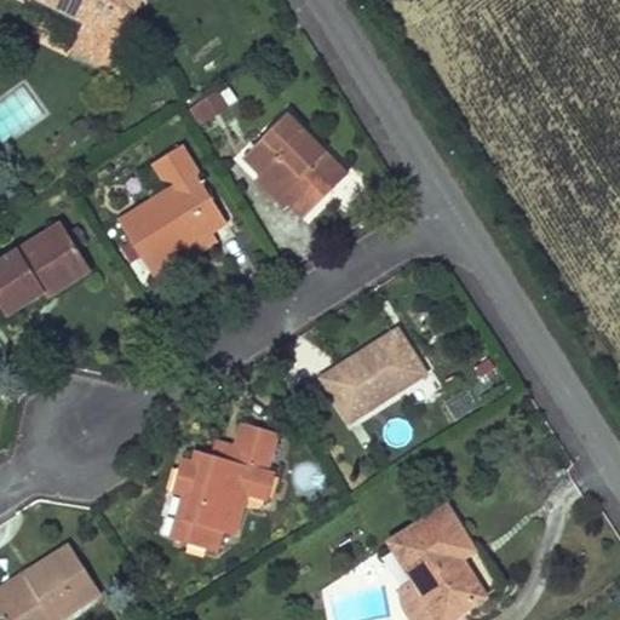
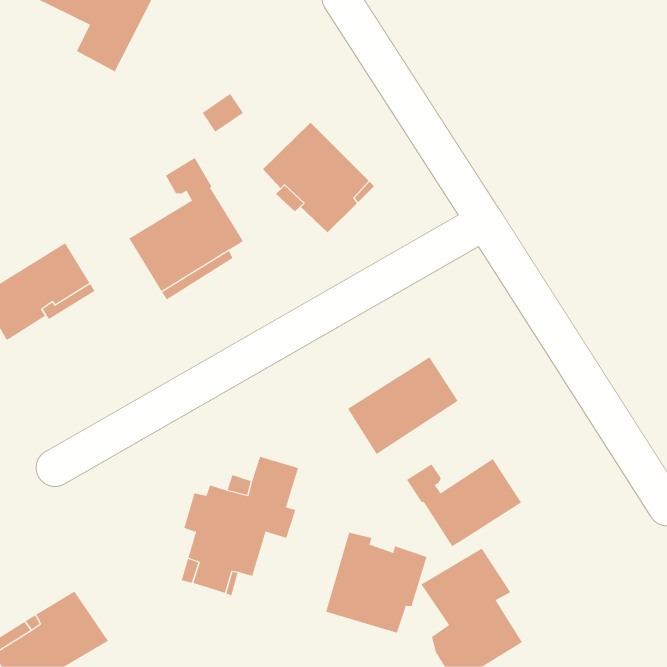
building: none -> [406,458,522,547]
building: none -> [325,532,427,634]

